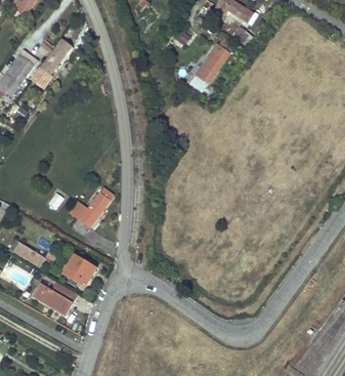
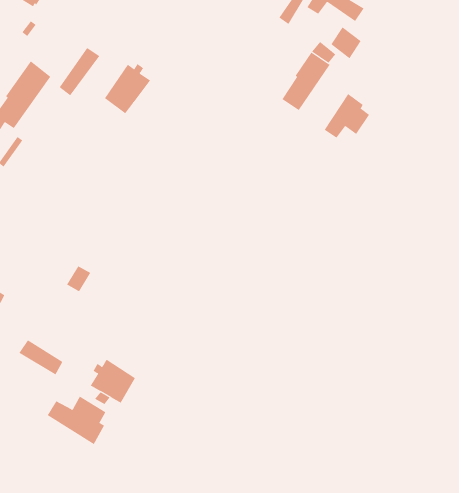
building: none -> [104,63,151,114]
building: none -> [324,93,370,139]
building: [72,193,110,235] -> none

